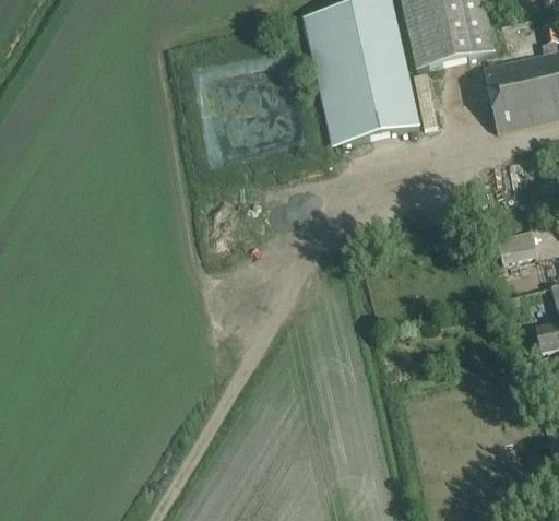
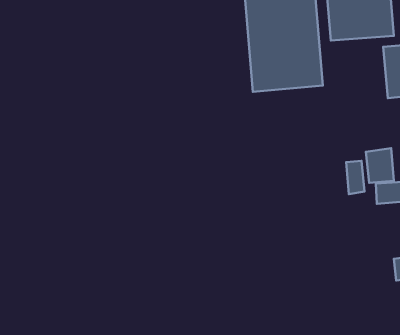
building: none -> [366,148,394,183]
building: none -> [346,161,365,194]

